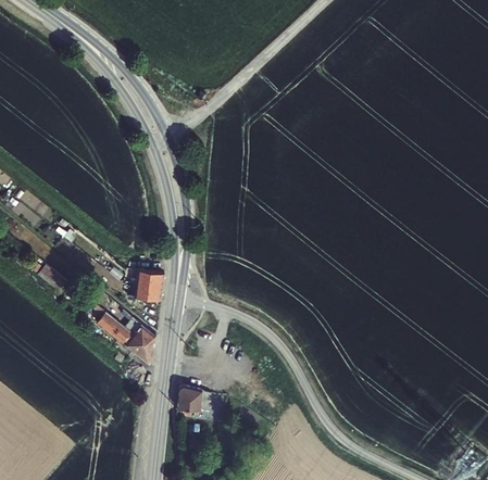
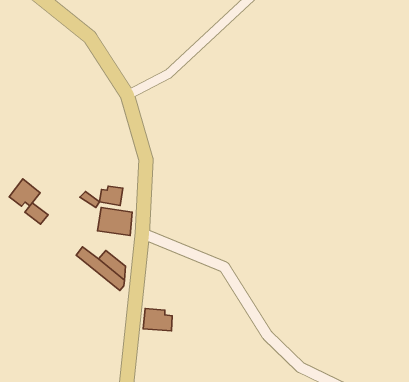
building: none -> [9,179,40,206]
building: none -> [99,186,123,205]

